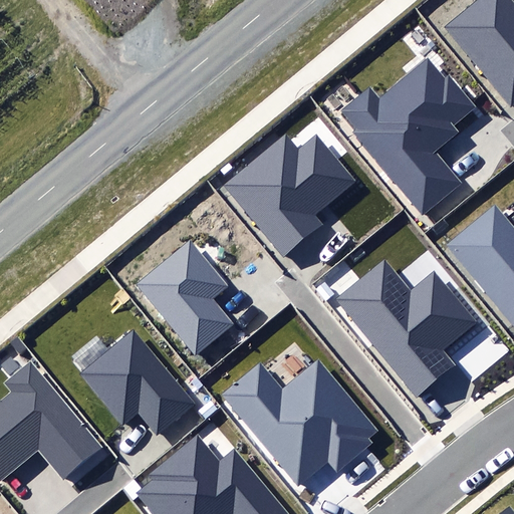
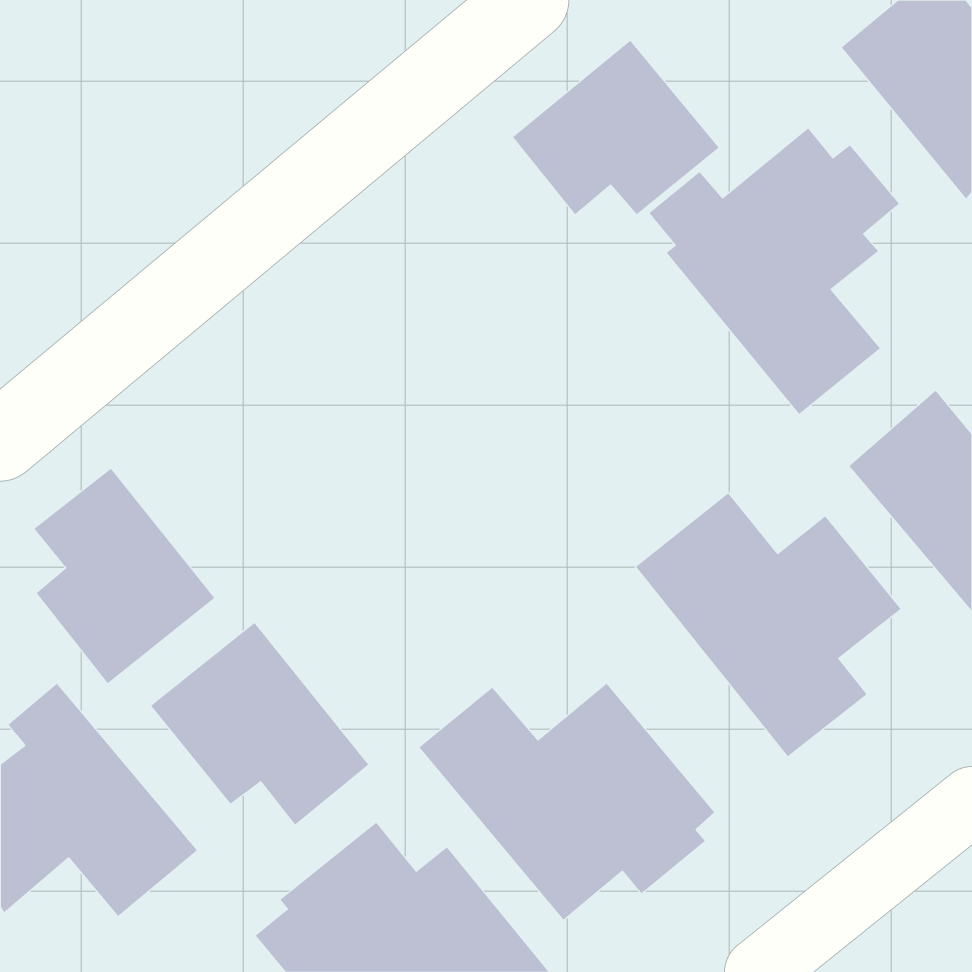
building: none -> [512,40,719,215]
building: [222,132,356,256] -> none
building: [133,238,235,358] -> none
building: none -> [33,468,215,684]

